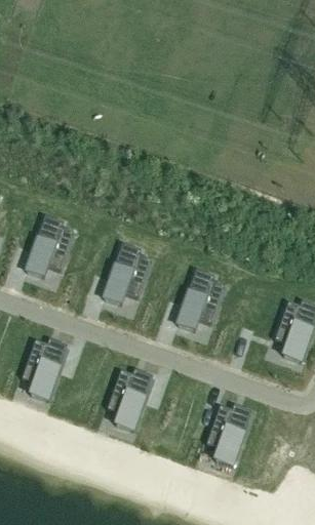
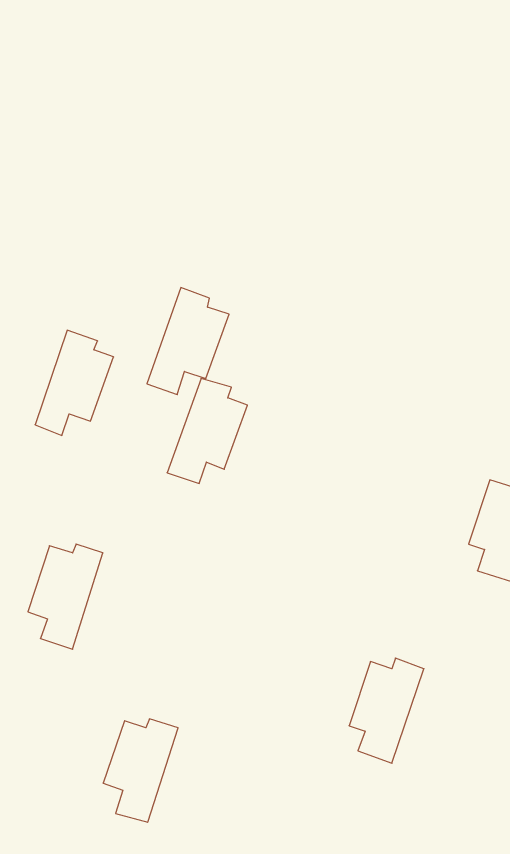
building: [174,271,222,332] -> [147,288,229,395]
building: [108,371,151,431] -> [103,719,178,822]

